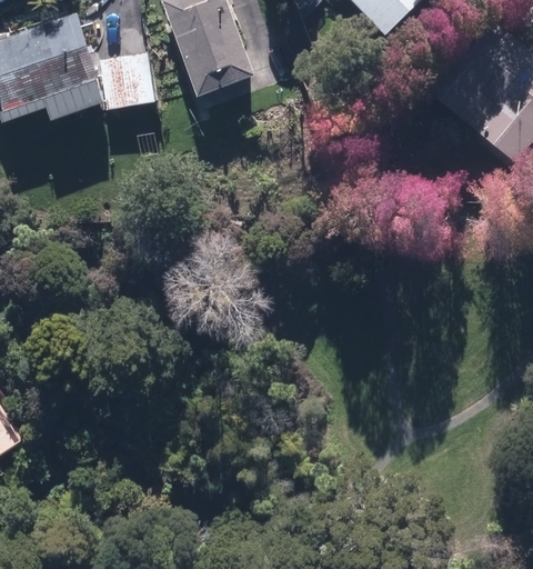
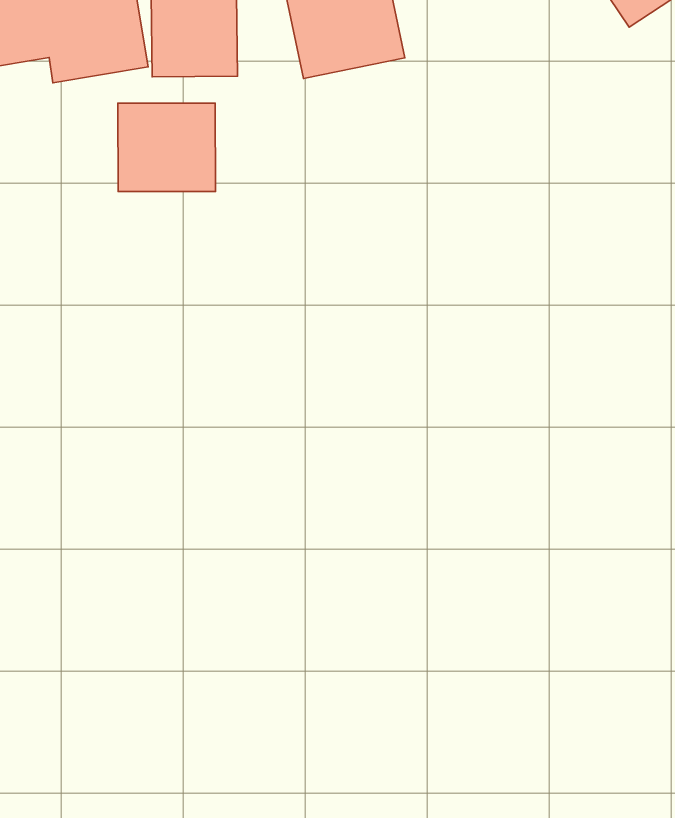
building: none -> [118,103,216,191]

